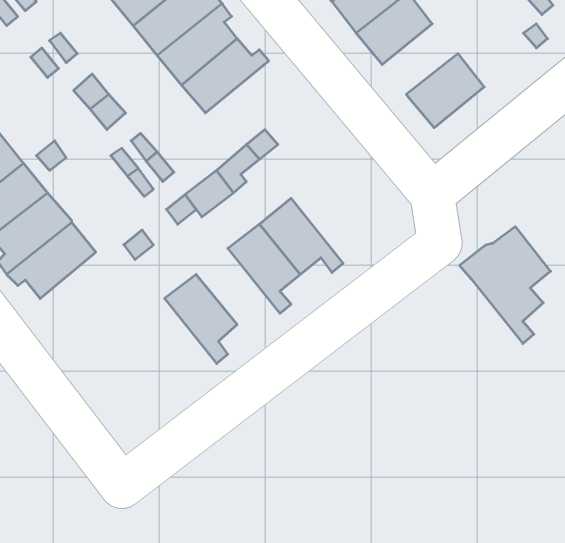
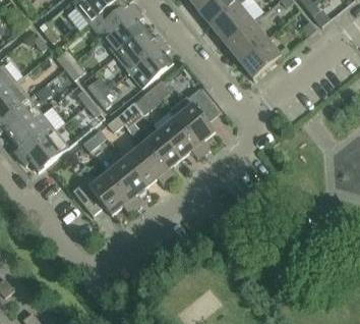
building: none -> [225,20,266,59]
building: none -> [128,41,173,87]
building: [460,227,551,344] -> [169,88,219,152]
building: none -> [123,144,169,185]
building: none -> [72,171,134,214]

